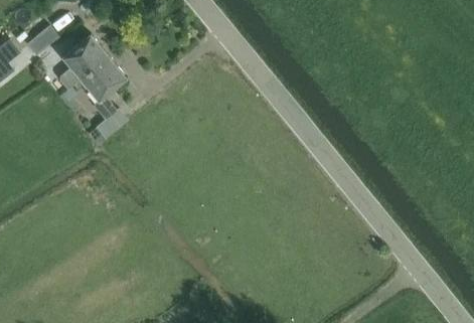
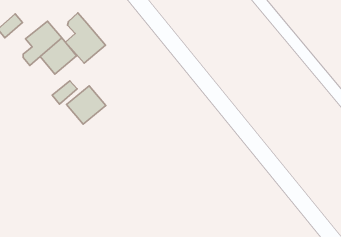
building: none -> [65,13,106,63]
building: none -> [66,86,106,124]

